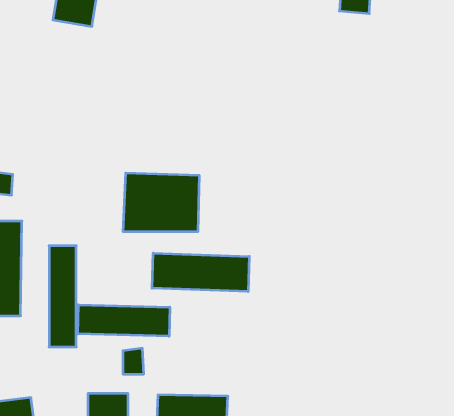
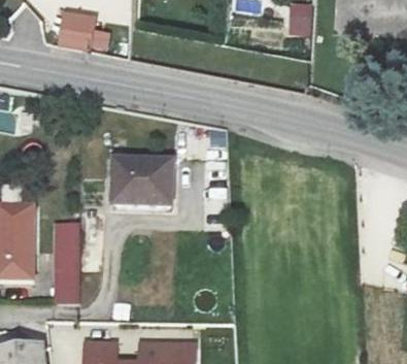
building: [152,253,249,292] -> none
building: [78,305,170,336] -> none

